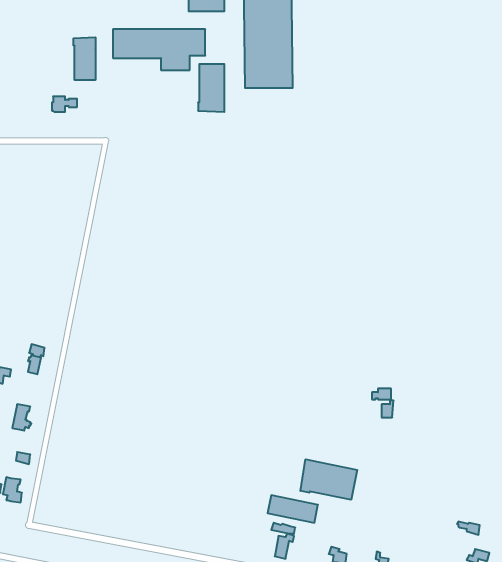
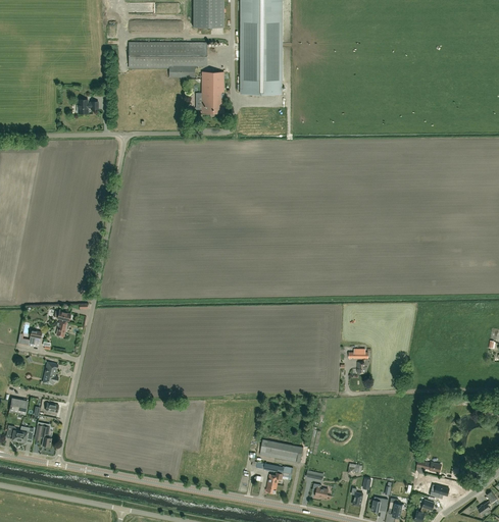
building: [74,37,95,80] -> none
building: [300,459,357,500] -> none

